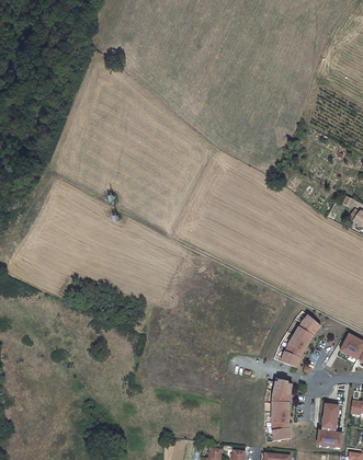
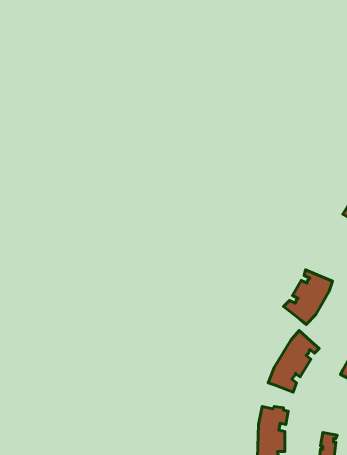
building: none -> [283,270,332,325]

